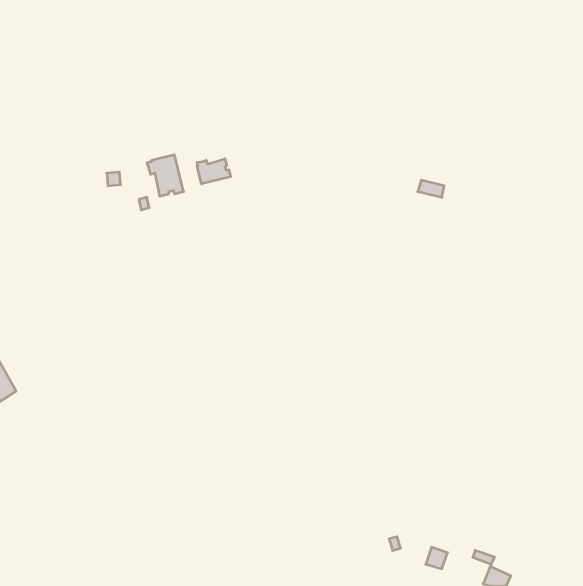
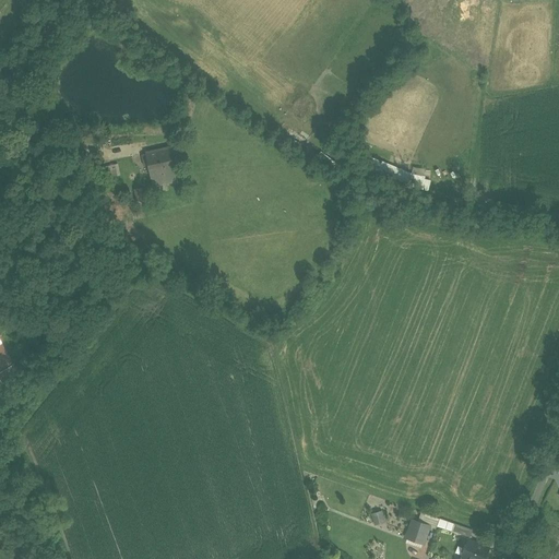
building: [197,159,231,184] -> none

